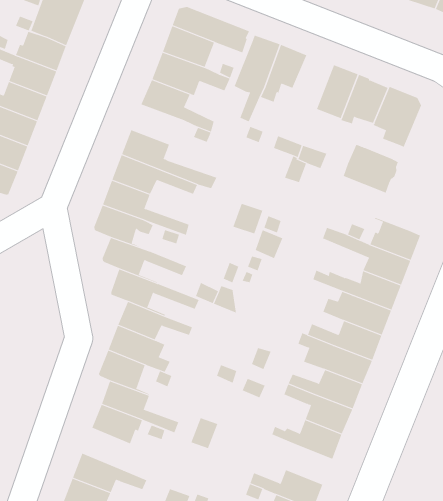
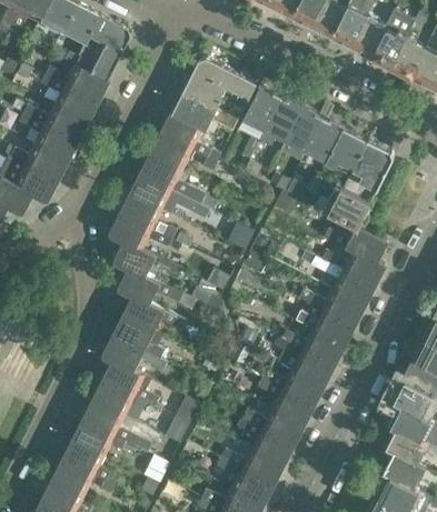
building: none -> [288,107,324,152]
building: none -> [150,134,195,170]
building: none -> [324,227,385,261]
building: none -> [83,399,151,452]
building: none -> [236,419,291,464]

